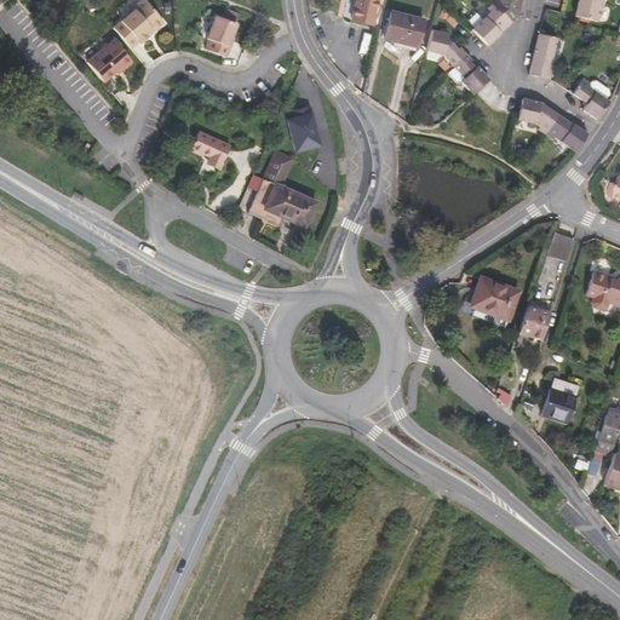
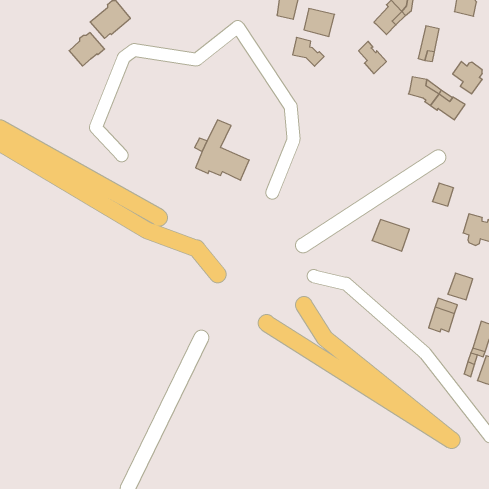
building: [205,15,239,56] -> none
building: [426,28,466,64] -> [293,37,324,66]
building: [287,105,320,150] -> none
building: [189,131,229,167] -> none
building: [518,305,550,339] -> [448,273,473,300]

